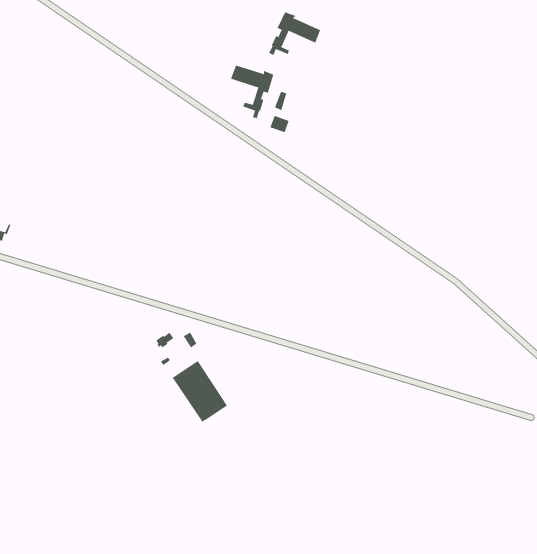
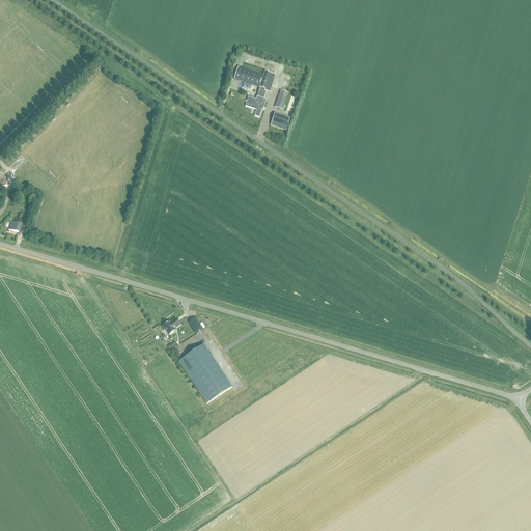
building: [269,11,321,56] -> none

